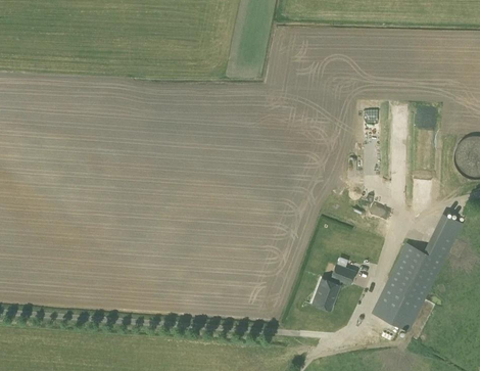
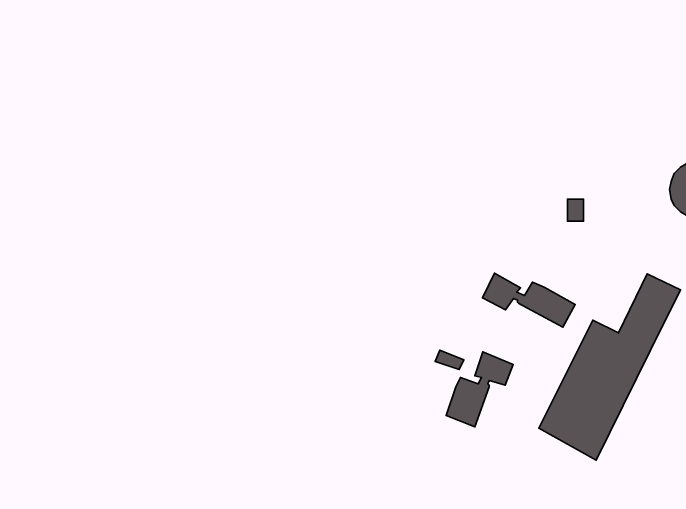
building: none -> [482,273,575,327]

